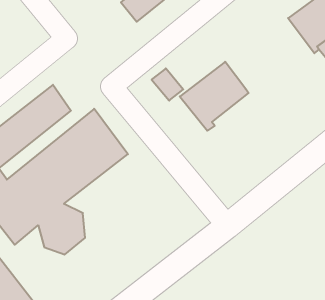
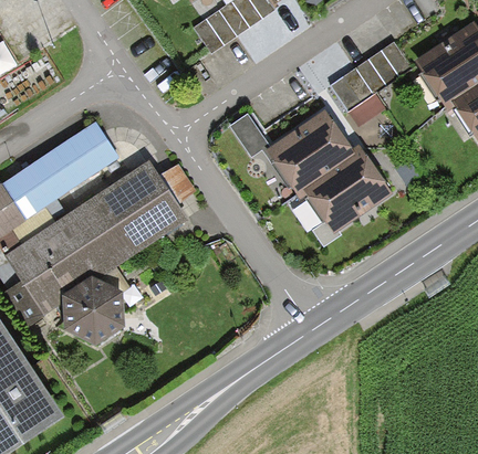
building: none -> [331,41,412,125]
building: none -> [304,145,394,233]

